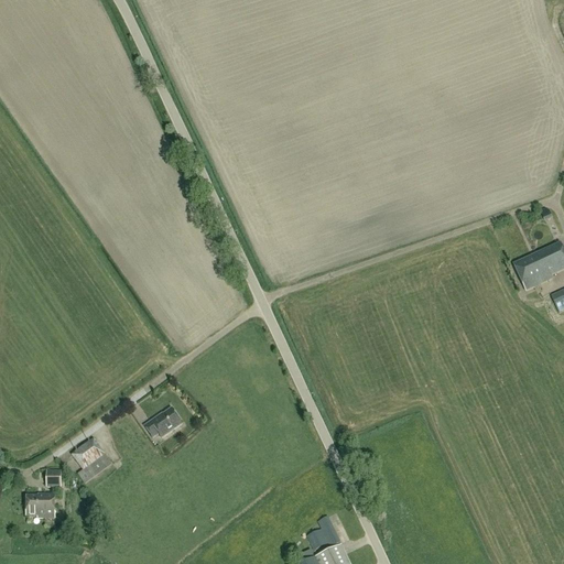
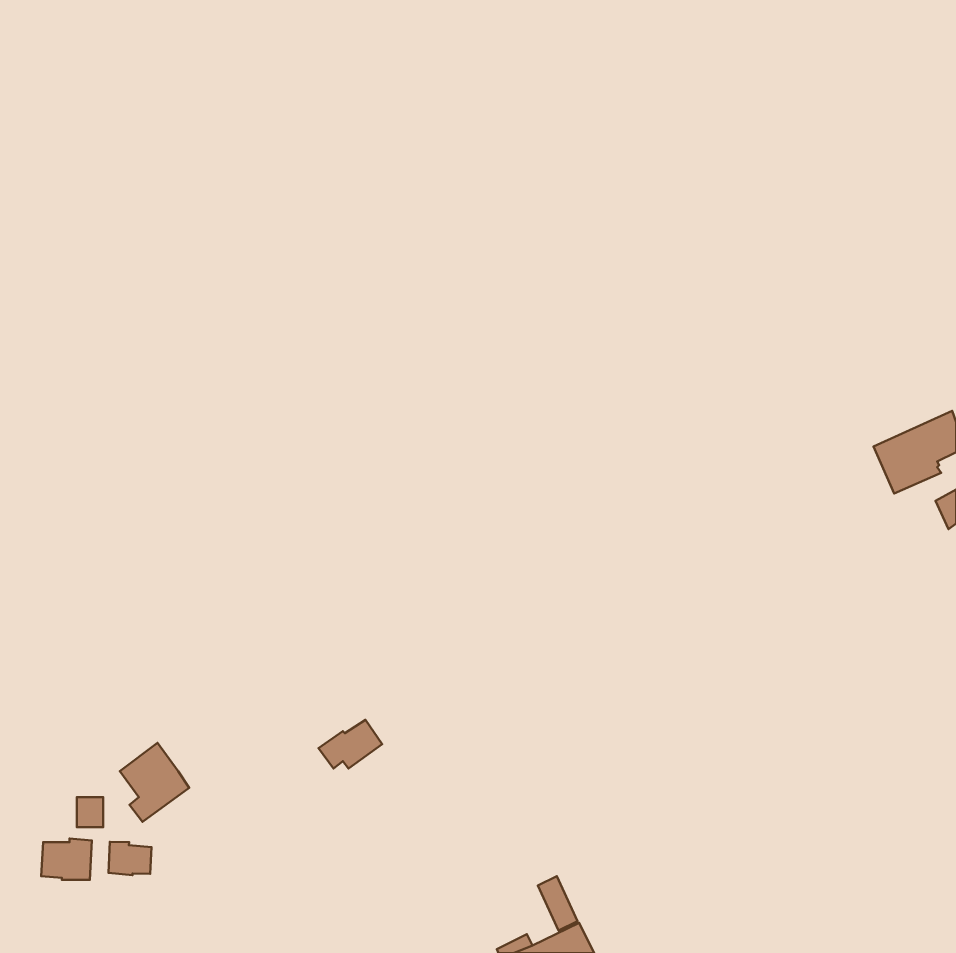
building: [143,408,181,436] -> [319,720,382,769]
building: none -> [109,842,151,875]

